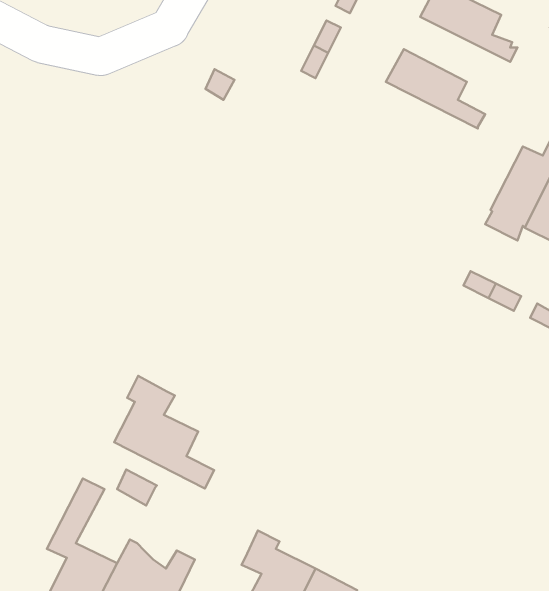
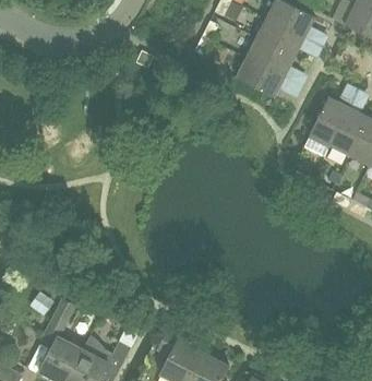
building: none -> [256,19,321,58]
building: none -> [236,58,301,98]
building: [114,376,214,488] -> none

